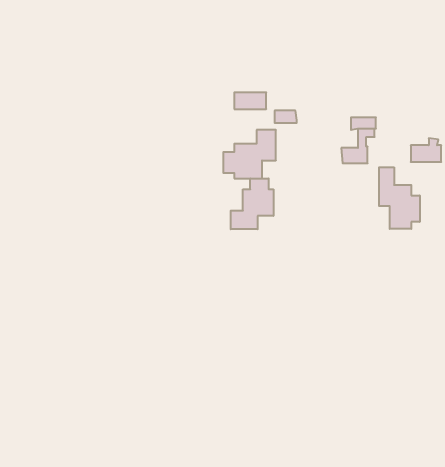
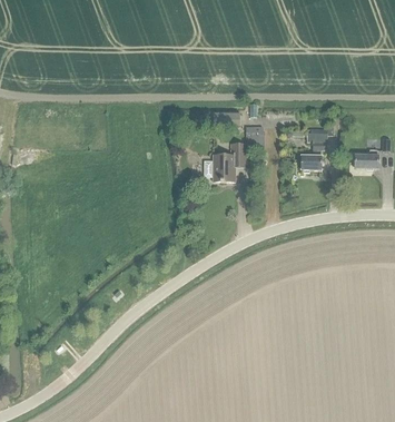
building: [379,167,420,229] -> none
building: [231,178,273,229] -> none

